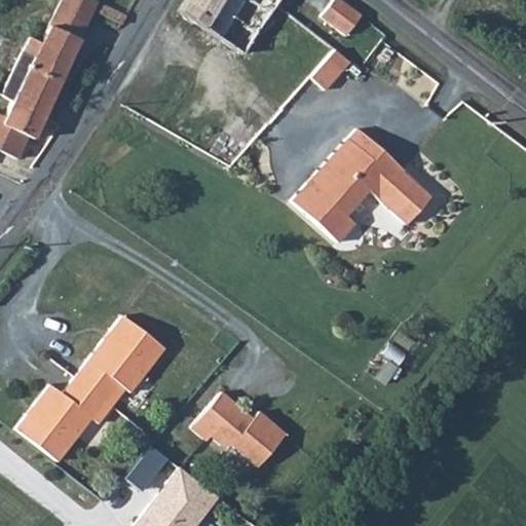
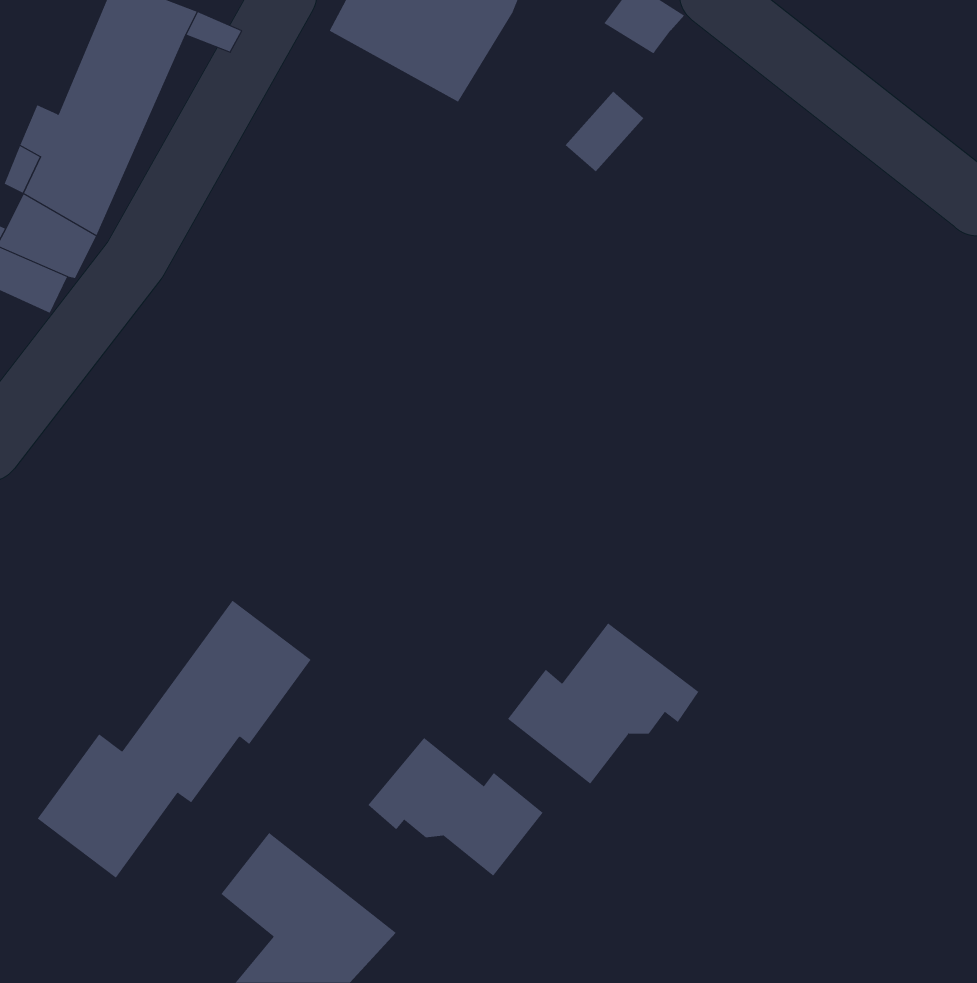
building: [291,124,430,240] -> none
building: none -> [507,623,699,785]

